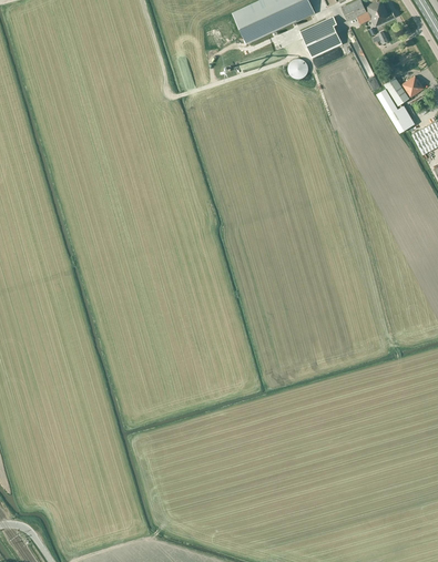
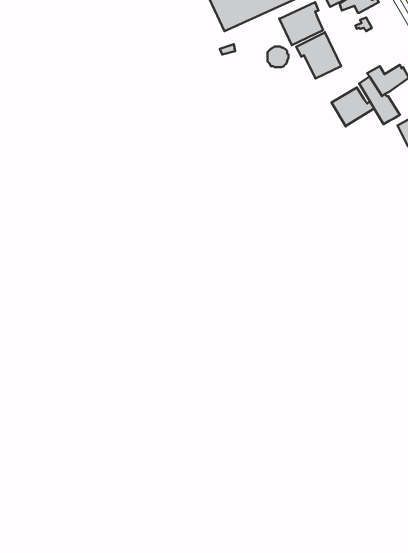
building: none -> [296,32,341,78]
building: none -> [332,88,374,127]

